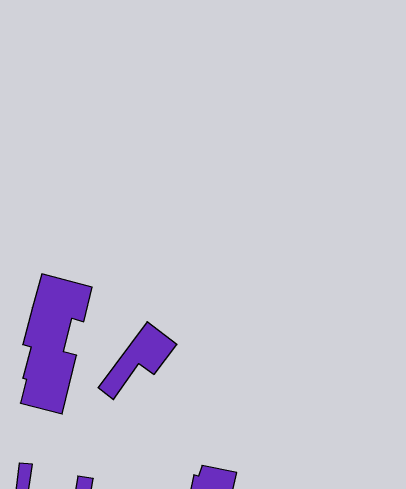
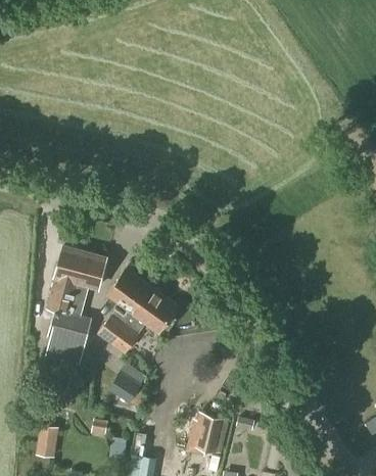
building: none -> [96,269,152,344]
building: none -> [107,371,141,404]

